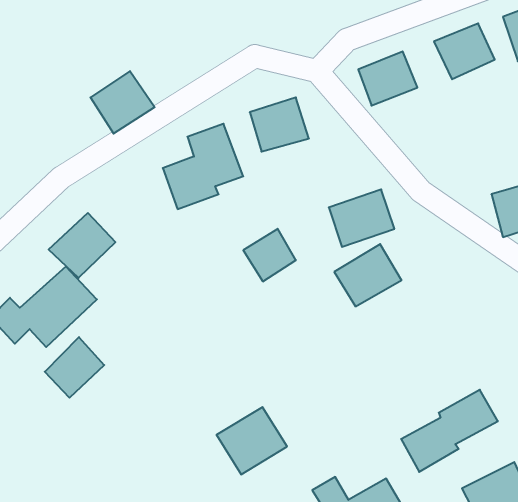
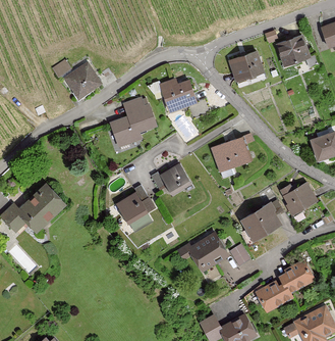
building: [49,213,115,278] -> none
building: [334,244,402,306] -> [239,202,281,241]
building: none -> [282,181,318,214]
building: none -> [113,187,155,227]
building: [45,337,104,398] -> none
building: [216,407,287,474] -> [185,231,229,273]

